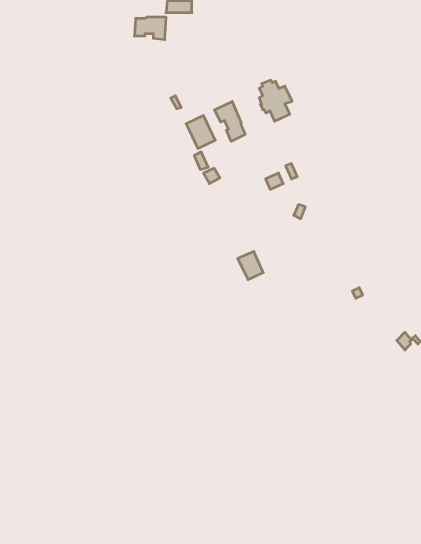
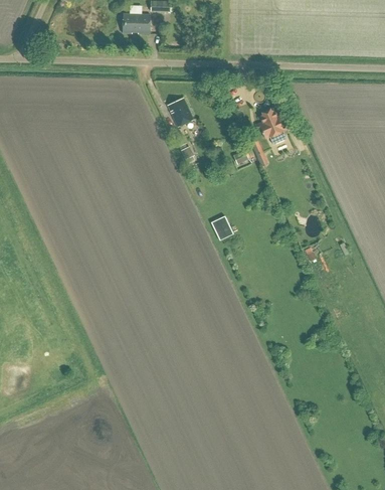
building: [259,80,292,121] -> [260,110,288,145]
building: [214,101,245,141] -> none

